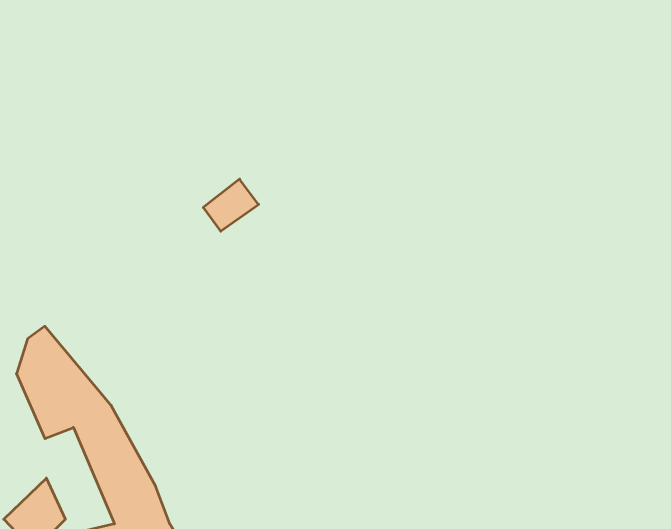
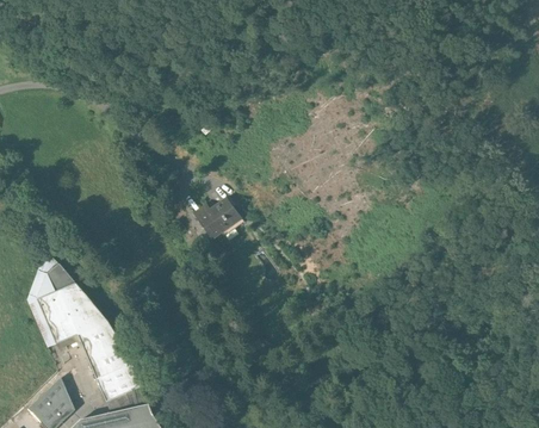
building: [203,179,259,231] -> [199,201,241,241]

